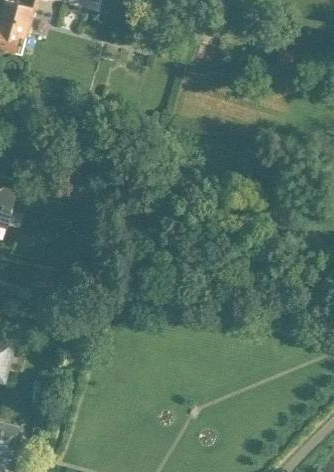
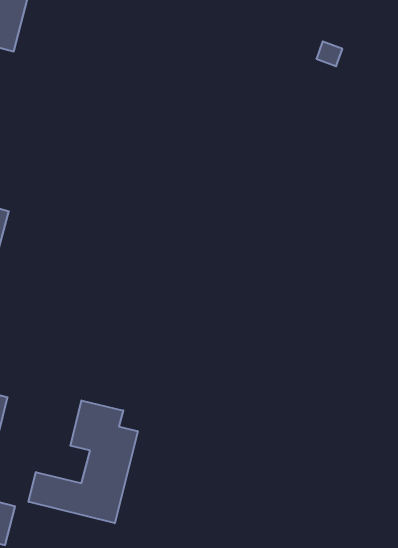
building: none -> [29,400,138,523]

